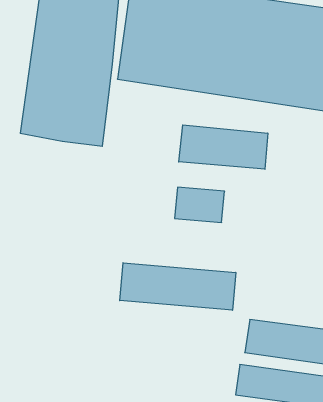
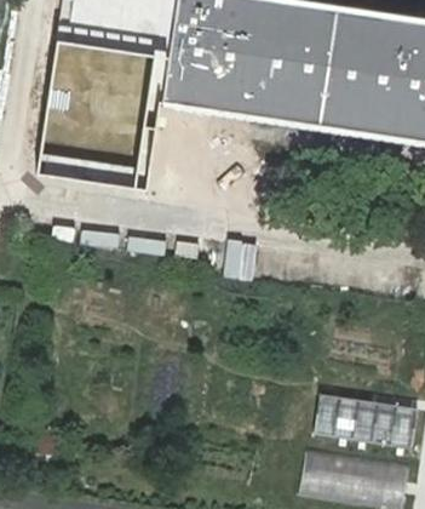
building: [179,125,268,169] -> none
building: [120,263,236,310] -> none

